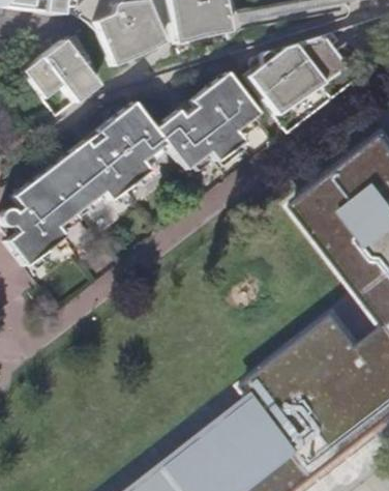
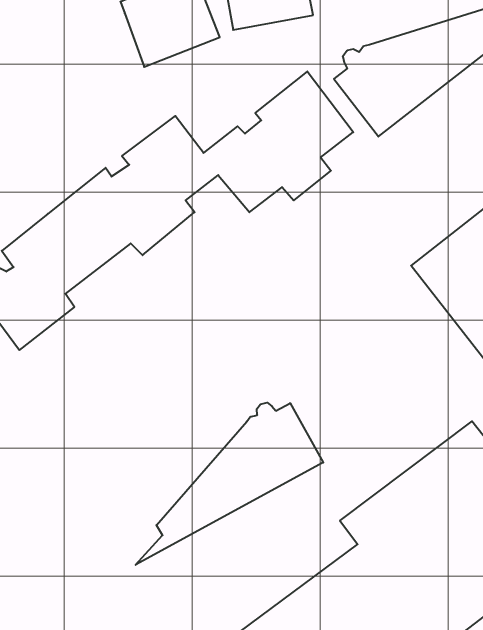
building: [24,40,98,103] -> none
building: none -> [136,403,323,565]

